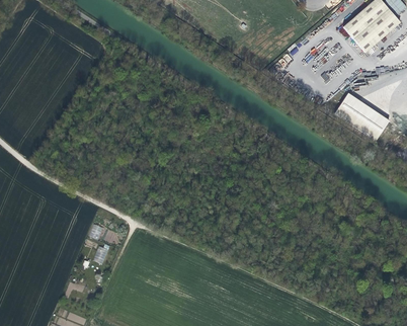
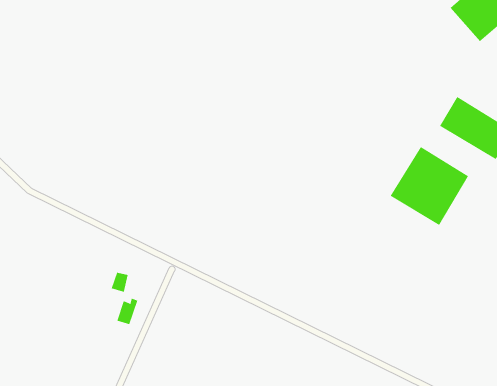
building: none -> [390,146,469,226]

